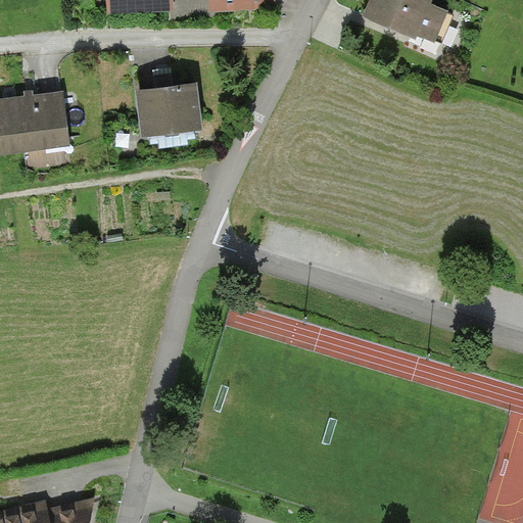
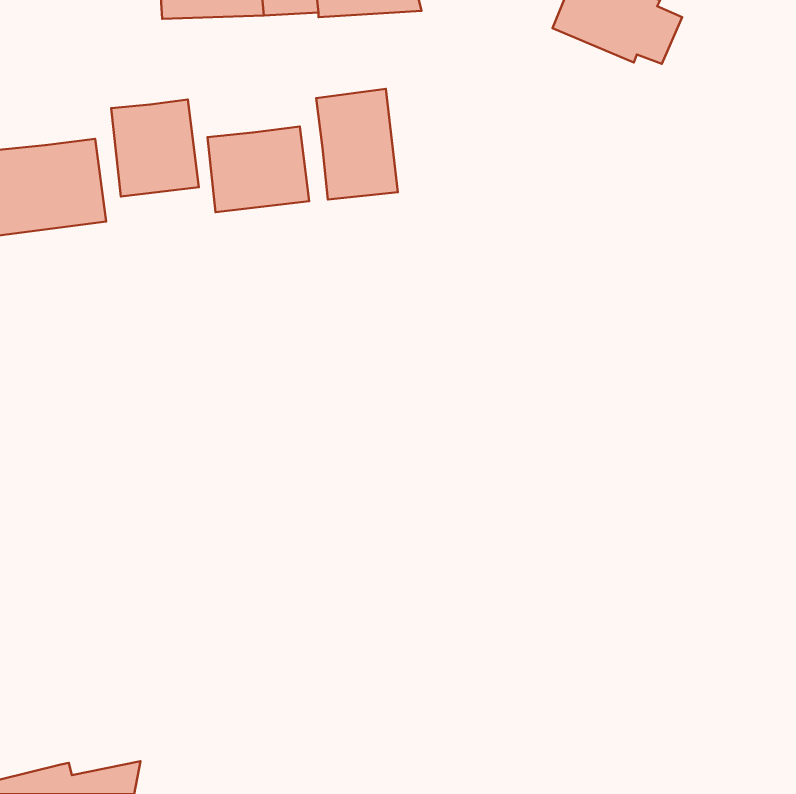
building: none -> [316,89,398,200]
building: none -> [111,100,199,196]

